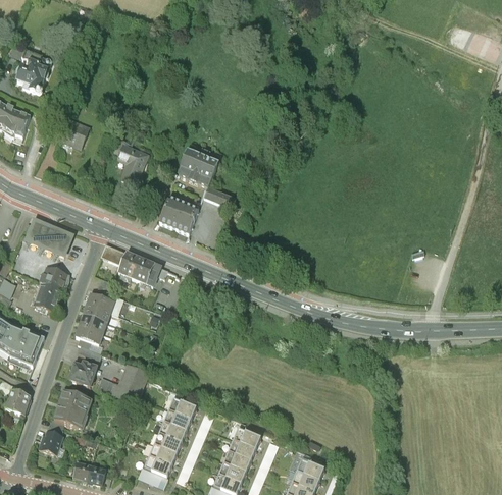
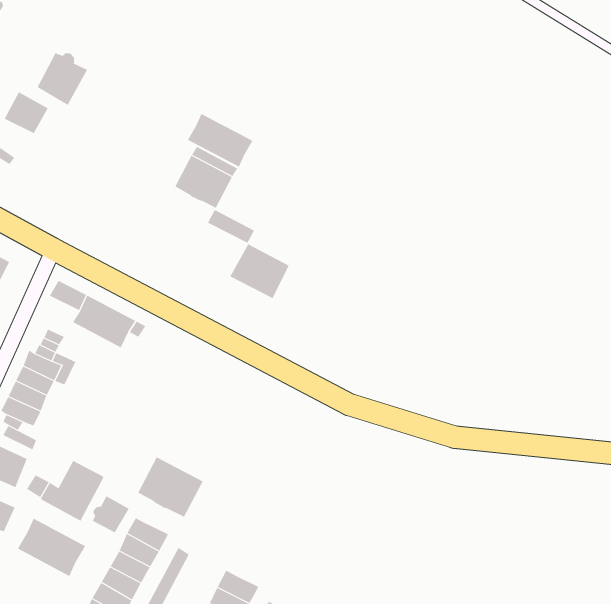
building: none -> [37,53,88,106]
building: none -> [187,113,253,168]
building: [116,144,147,182] -> none
building: [158,197,198,232] -> [229,243,290,299]
building: none -> [137,457,203,518]
building: none -> [92,495,130,533]
building: none -> [17,518,86,577]

